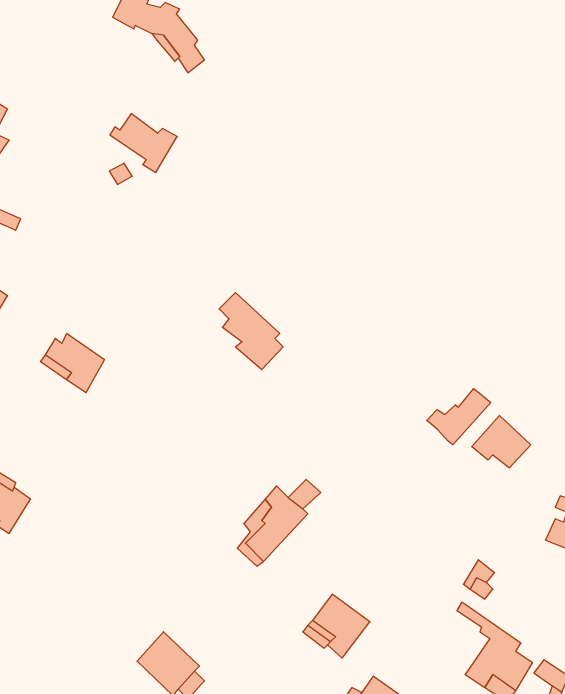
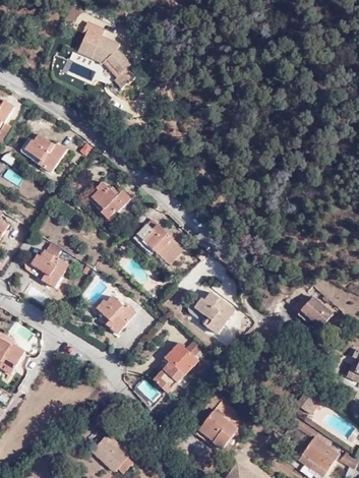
building: [110,114,177,173] -> [23,134,65,171]
building: none -> [89,181,131,219]
building: [427,389,491,445] -> none
building: none -> [195,291,237,331]
building: none -> [98,294,136,332]

